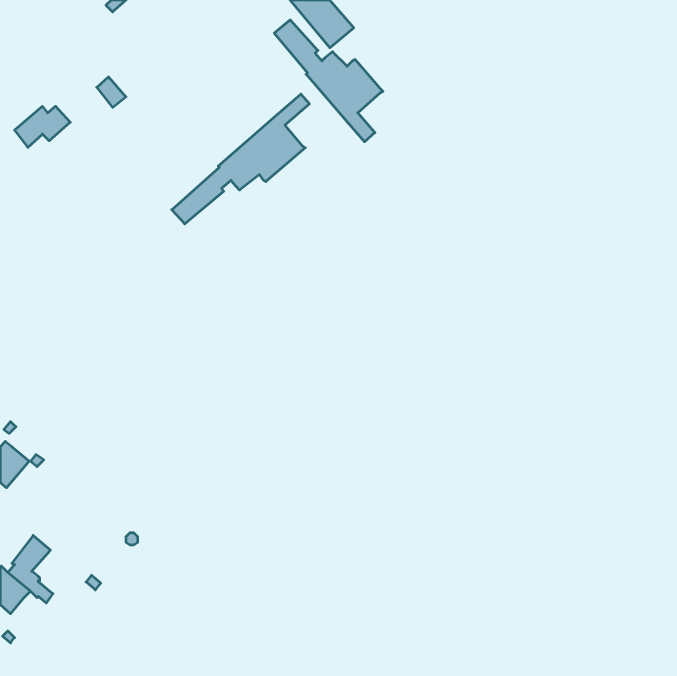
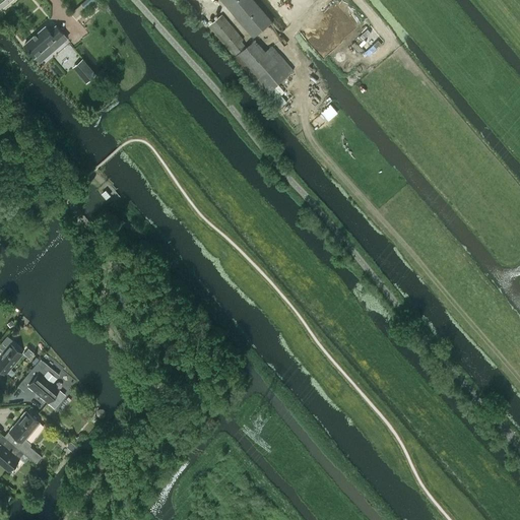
building: [172,94,309,224] -> none
building: [15,106,70,147] -> [24,26,67,58]
building: none -> [23,360,59,402]

